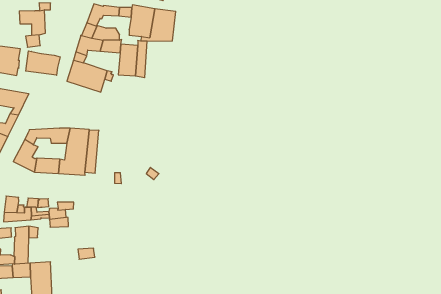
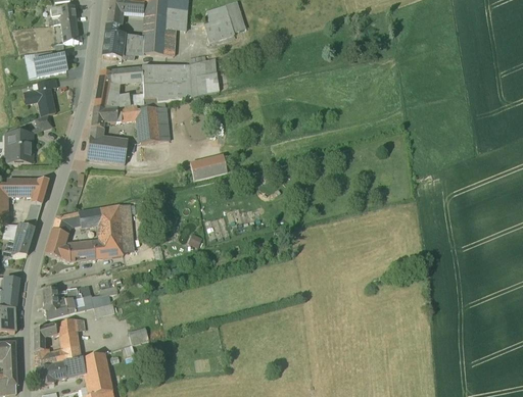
building: none -> [189,57,220,96]
building: [26,51,60,75] -> none
building: none -> [190,154,227,180]

